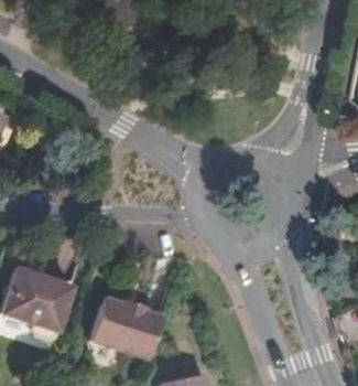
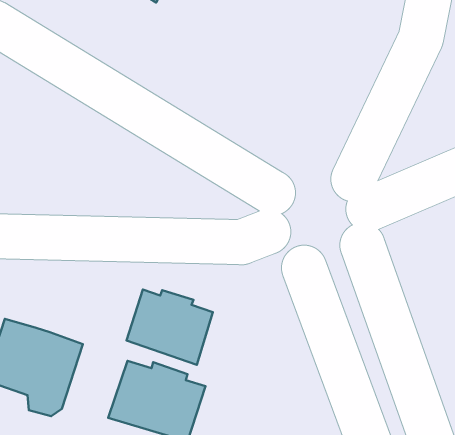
building: none -> [126,290,213,365]

